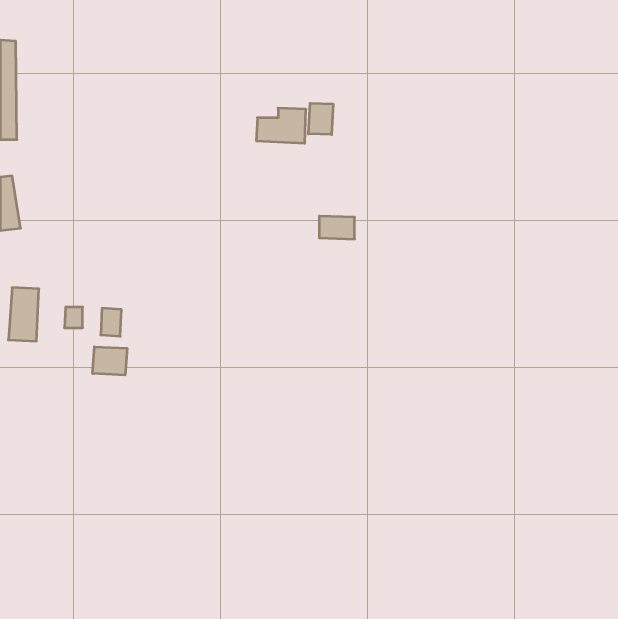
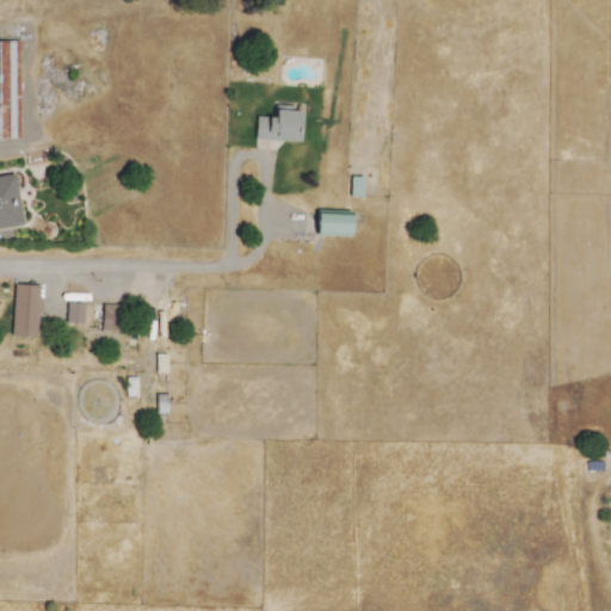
building: [308,103,333,135] -> none
building: [93,347,127,375] -> none

